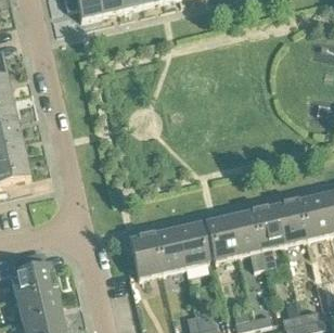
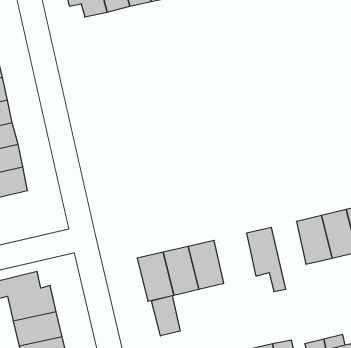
building: [252,205,283,267] -> none
building: [205,216,237,260] -> none
building: none -> [151,296,180,336]

